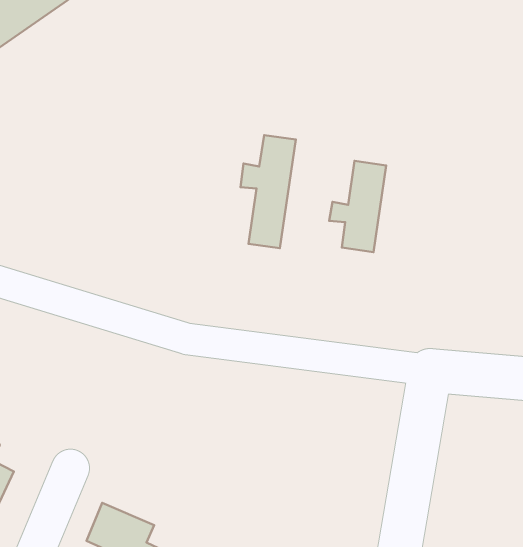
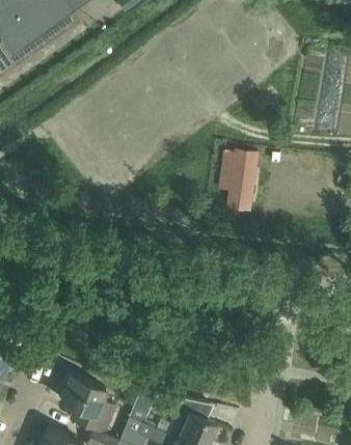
building: [240,135,296,248] -> none

